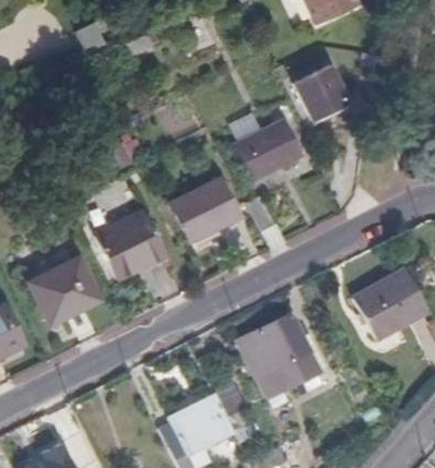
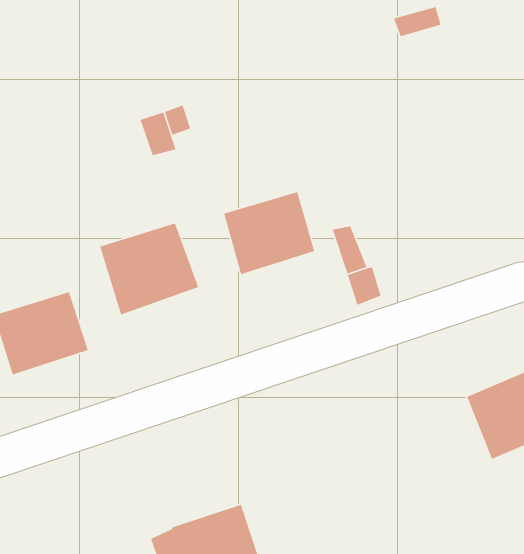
building: [294,67,349,119] -> none
building: [232,124,303,182] -> none
building: [240,315,314,376] -> none

